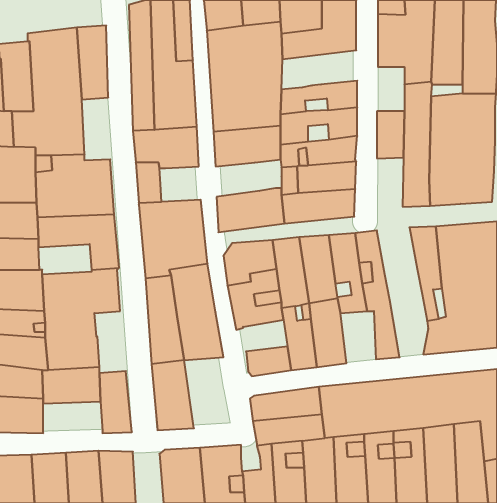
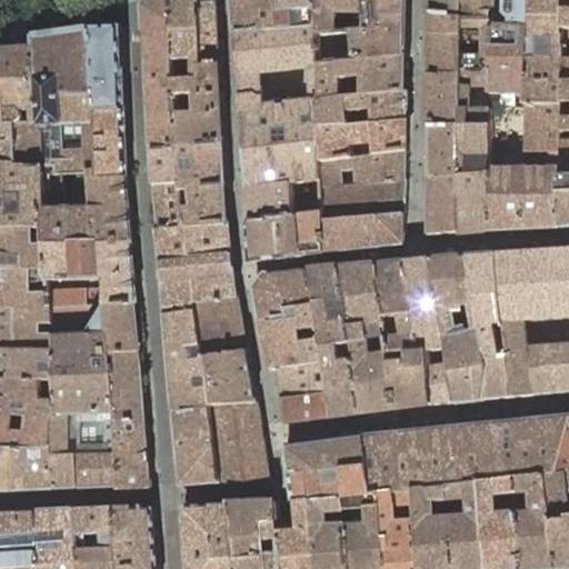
building: none -> [318,57,403,101]
building: none -> [426,76,457,126]
building: none -> [92,110,124,181]
building: none -> [425,178,456,236]
building: none -> [243,183,293,222]
building: none -> [181,188,227,228]
building: none -> [426,257,471,310]
building: none -> [43,276,103,310]
building: none -> [440,332,483,403]
building: none -> [107,351,142,421]
building: none -> [385,351,425,410]
building: none -> [274,361,325,397]
building: none -> [208,403,266,483]
building: none -> [49,453,116,489]

